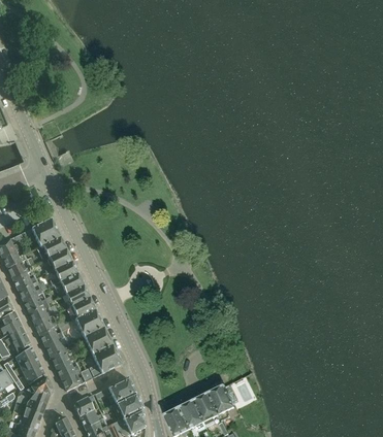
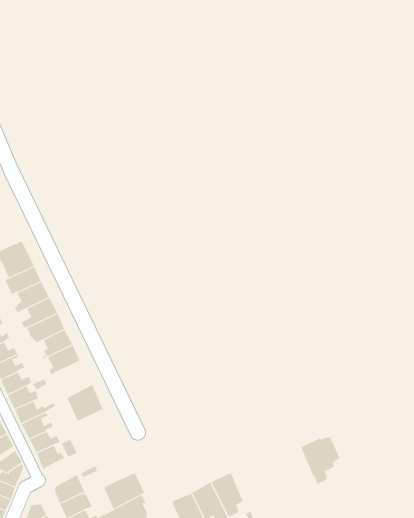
building: [75,309,104,337] -> none
building: [90,345,122,377] -> none
building: [108,377,136,402] -> none
building: [209,384,238,421] -> [300,436,340,484]

